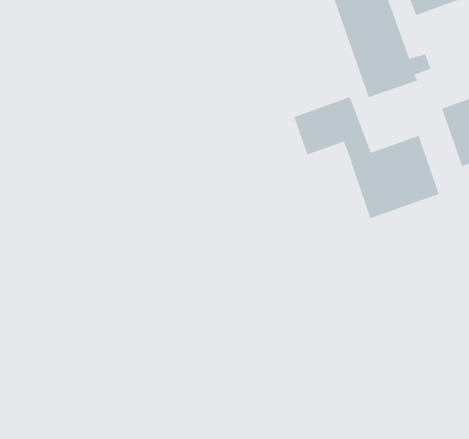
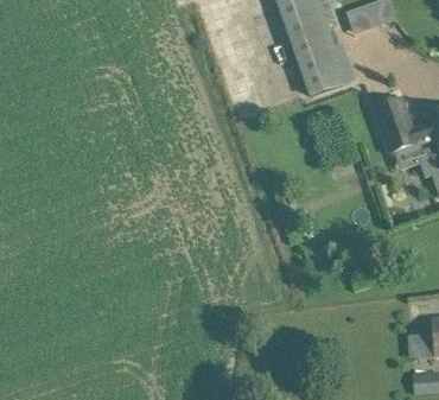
building: [293,96,440,219] -> none

